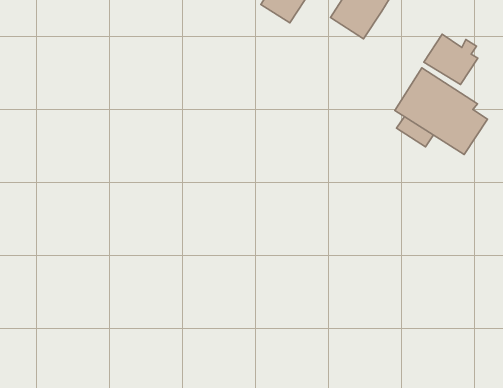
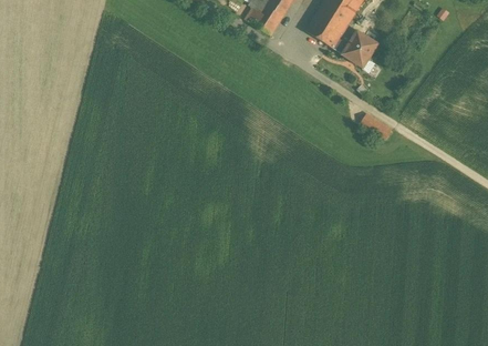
building: [424,34,478,84] -> [332,24,377,67]
building: [395,68,487,155] -> none

